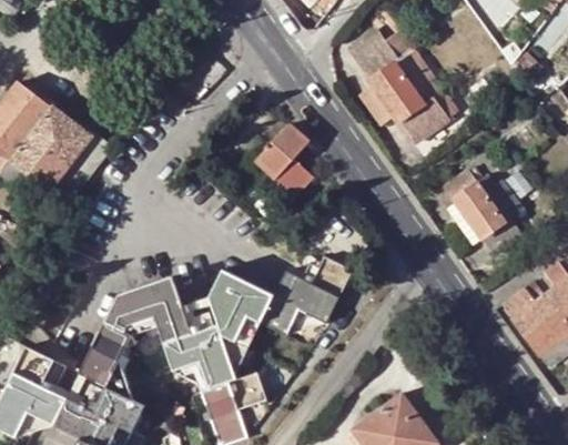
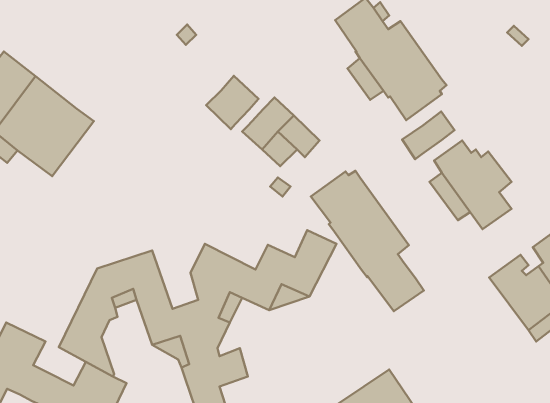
building: none -> [206,76,258,129]
building: none -> [402,112,455,159]
building: none -> [311,171,424,311]

